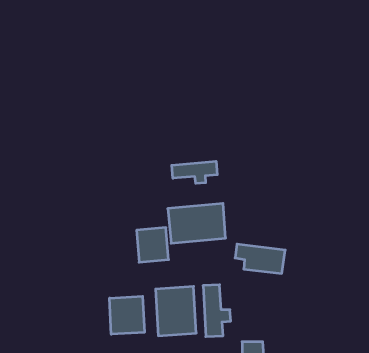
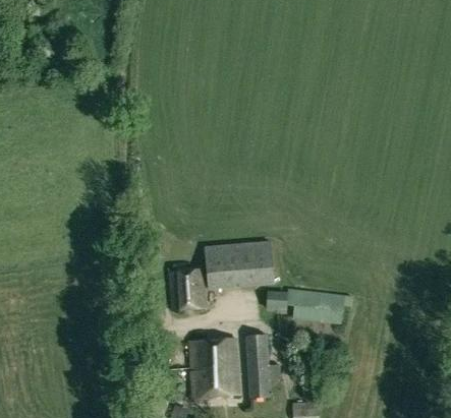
building: [172,161,217,183] -> none
building: [110,296,144,334] -> none

